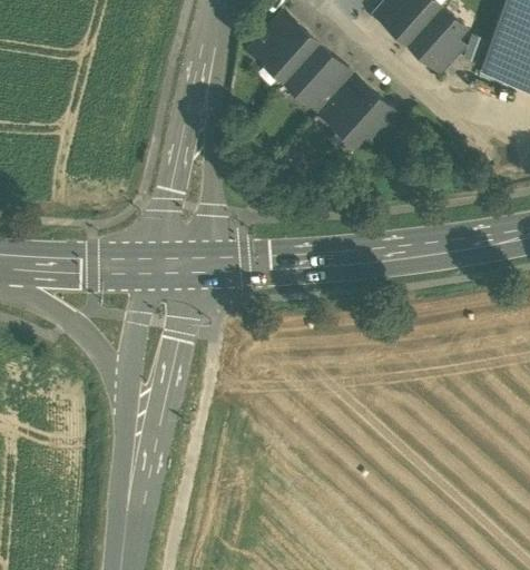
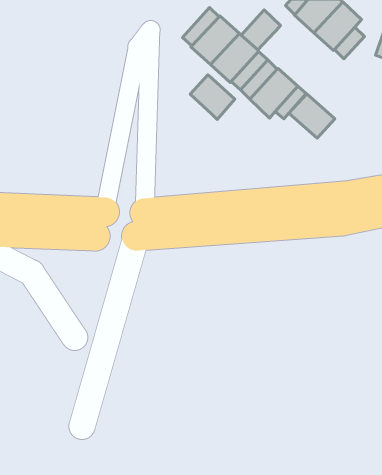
building: none -> [241,10,281,50]
building: none -> [190,75,235,120]
building: none -> [289,94,335,138]

